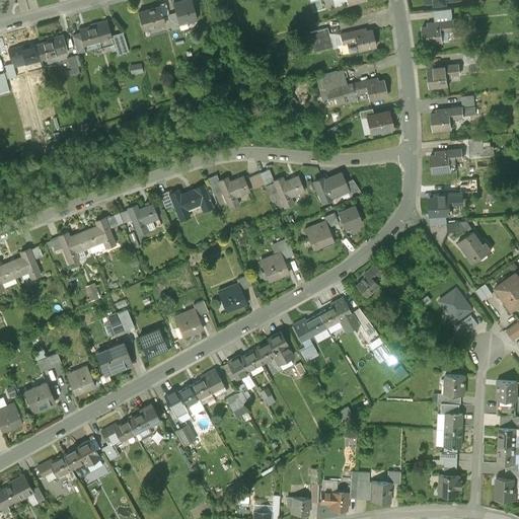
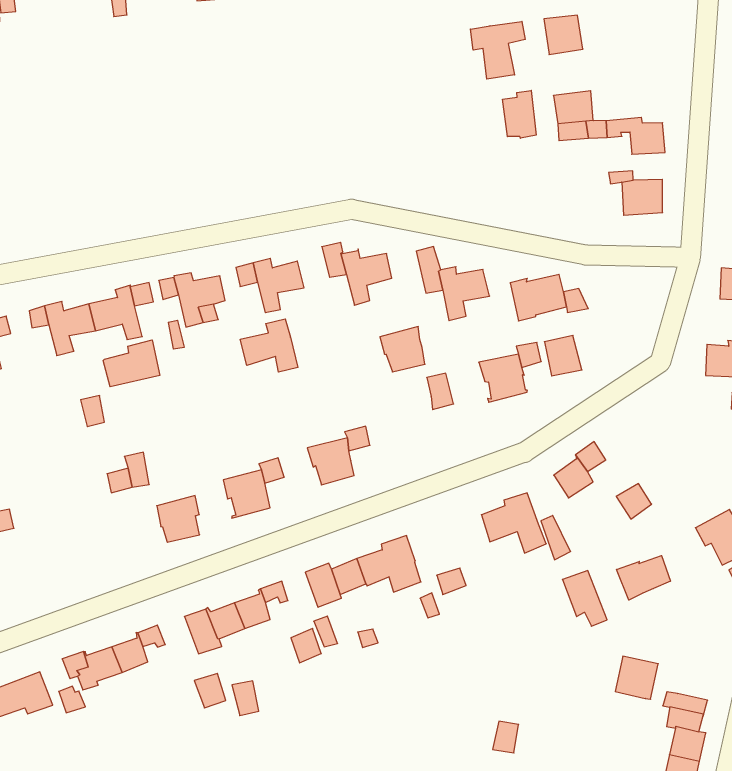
building: [341,29,376,53] -> none
building: none -> [470,21,525,79]
building: none -> [503,90,536,138]
building: none -> [240,319,298,372]
building: none -> [103,340,160,387]
building: [261,252,288,280] -> [380,327,425,372]
building: [293,313,326,341] -> none
building: none -> [617,556,670,600]
building: [95,344,131,374] -> none
building: [66,366,93,394] -> none
building: [444,374,465,395] -> [615,656,658,699]

